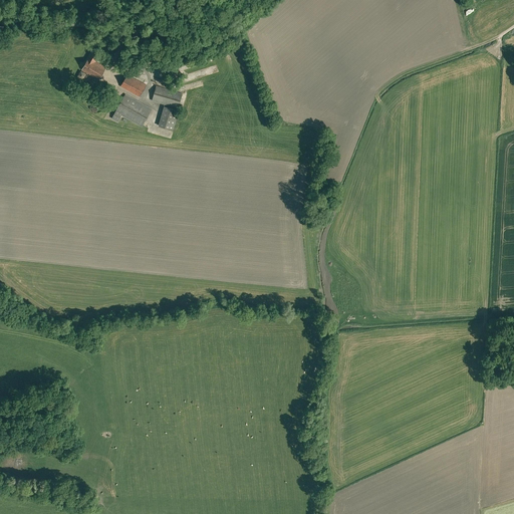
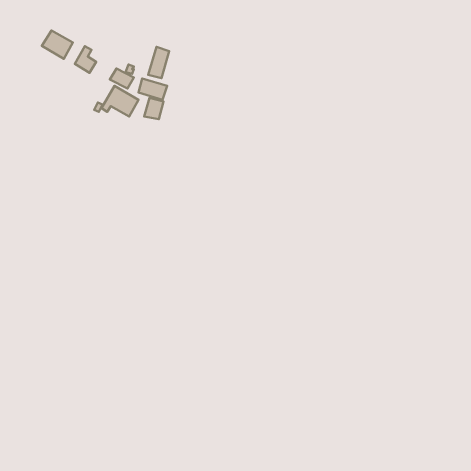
building: none -> [42,30,73,59]
building: none -> [148,47,169,78]

